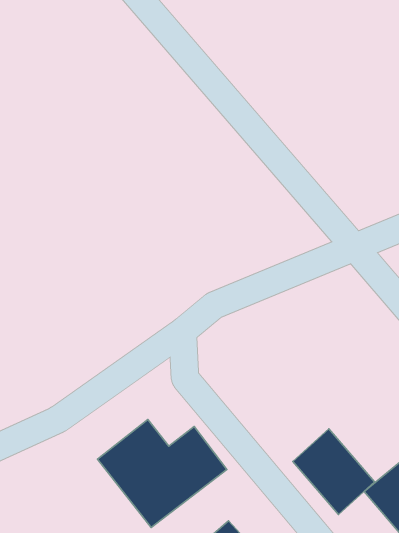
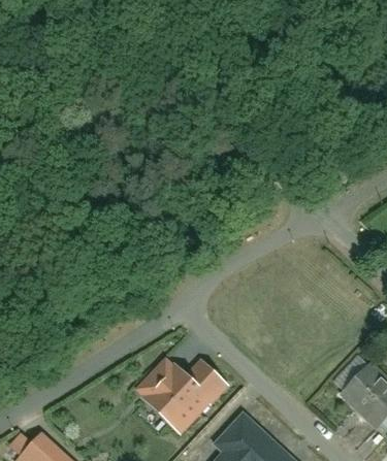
building: [293,429,374,514] -> none

